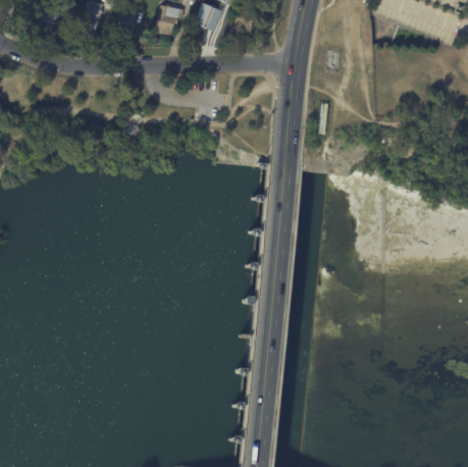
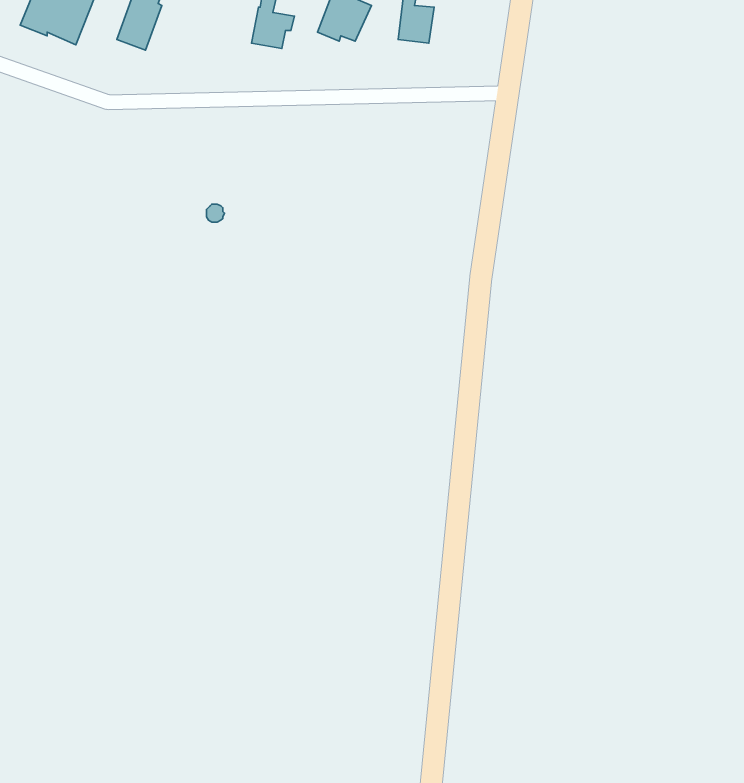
building: [116,10,137,34] -> none

